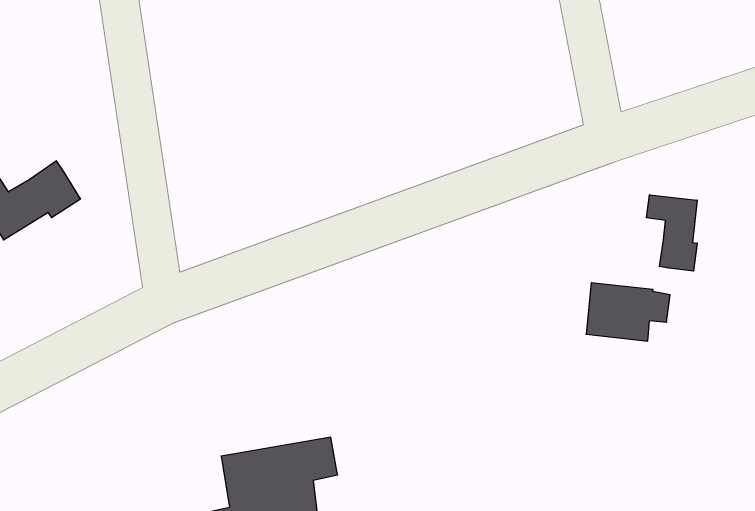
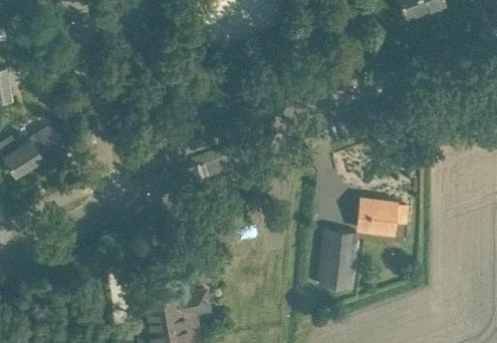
building: [647,195,697,271] -> none
building: none -> [319,230,357,289]

